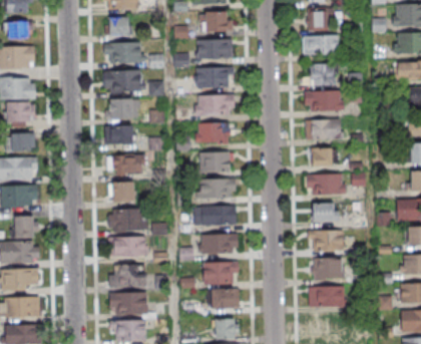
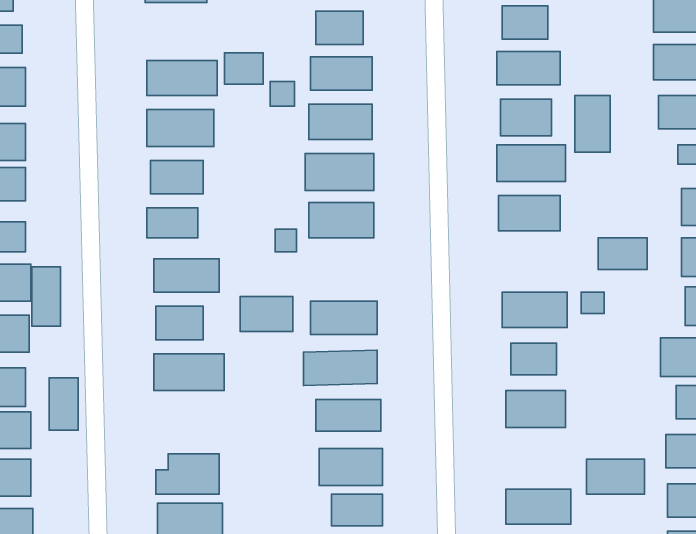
building: [106,17,128,35] -> [224,53,263,84]
building: none -> [575,96,610,152]
building: [309,148,337,166] -> [598,238,647,270]
building: [199,152,230,173] -> [240,296,293,332]
building: none -> [32,267,60,326]
building: none -> [49,378,78,430]
building: [111,238,146,257] -> none
building: [311,259,344,279] -> [586,459,645,494]

